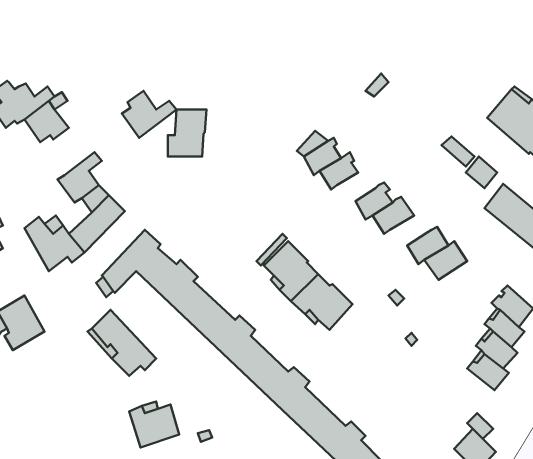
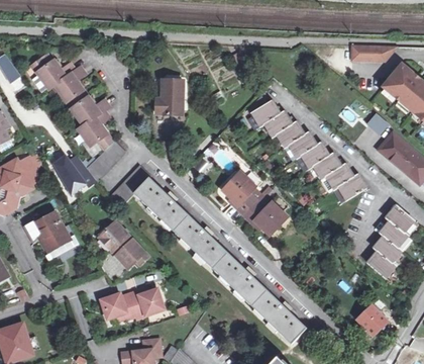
building: none -> [349,44,395,61]
building: [122,91,176,138] -> [71,93,109,126]
building: none -> [275,120,302,148]
building: none -> [312,152,338,178]
building: none -> [100,292,135,318]

